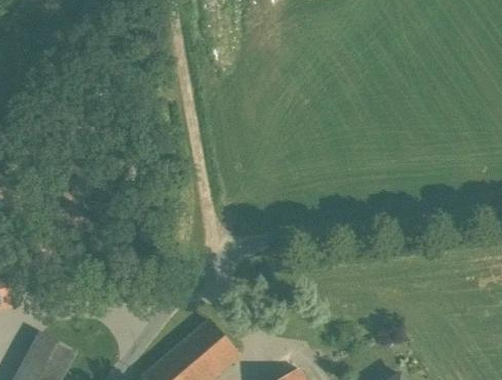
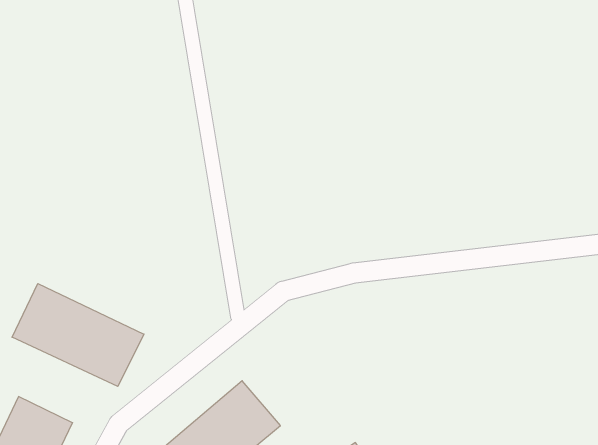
building: none -> [12,284,144,386]

